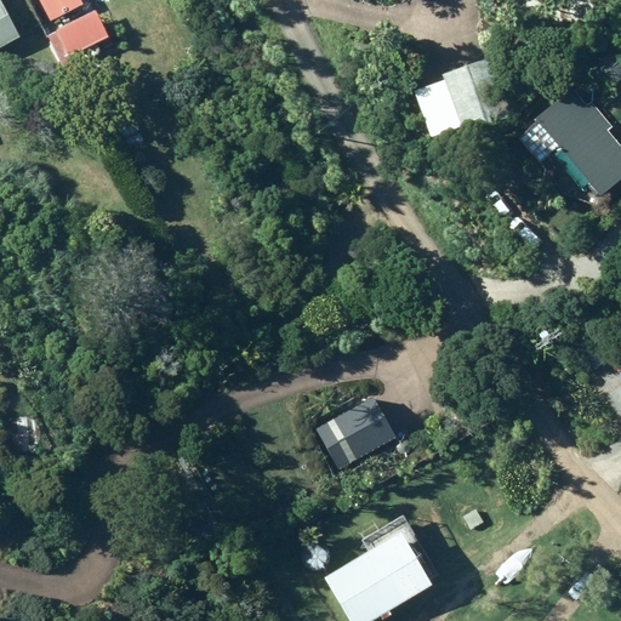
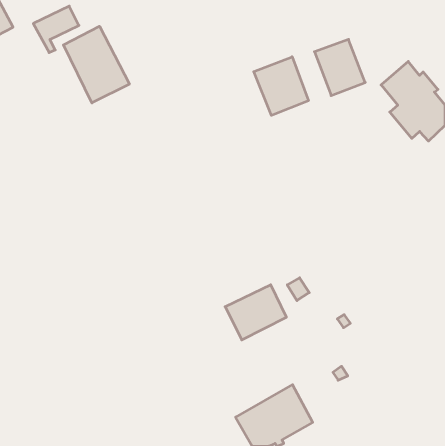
building: none -> [63,26,129,103]
building: none -> [254,57,308,115]

